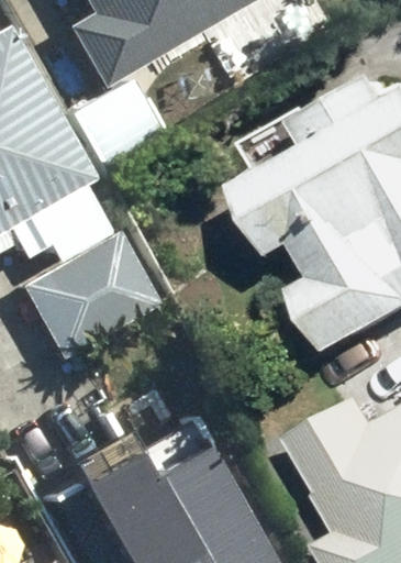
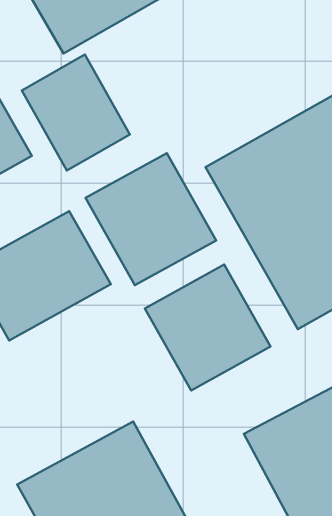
building: none -> [86,153,216,285]
building: none -> [145,265,271,391]

